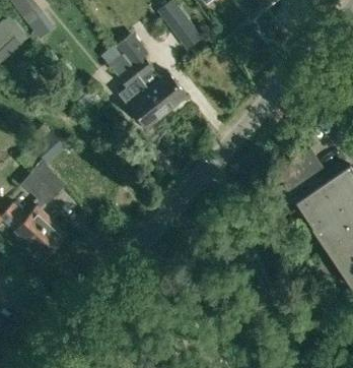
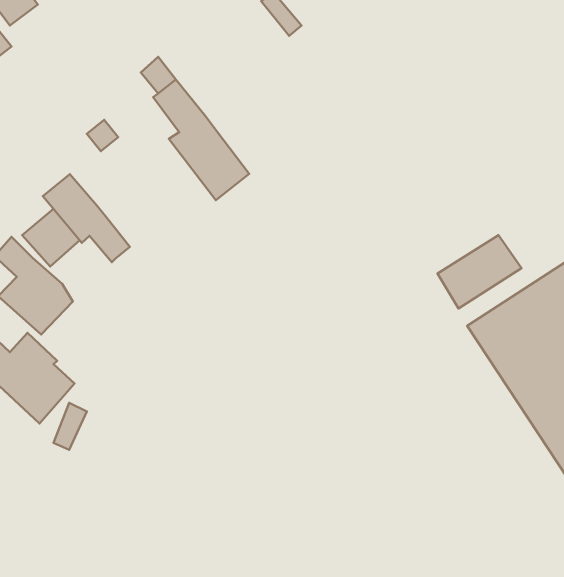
building: [124,45,154,79] -> none
building: [148,73,187,113] -> none
building: none -> [43,174,130,262]

